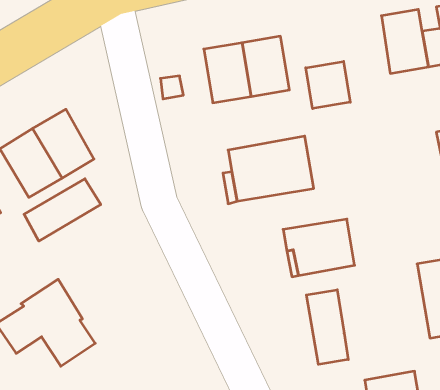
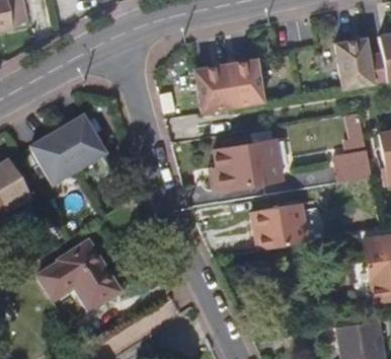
building: [306,61,350,109] -> none
building: none -> [337,150,374,180]
building: [24,179,101,241] -> none
building: [306,290,348,364] -> none

